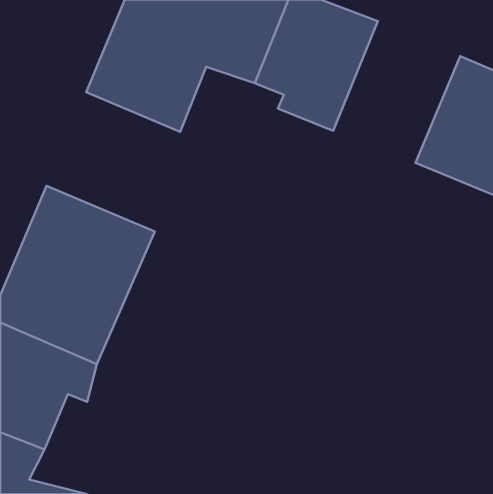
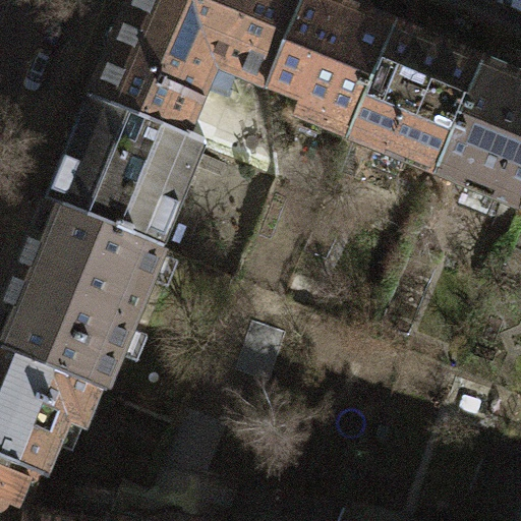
building: none -> [352,22,485,171]
building: none -> [51,97,207,243]

